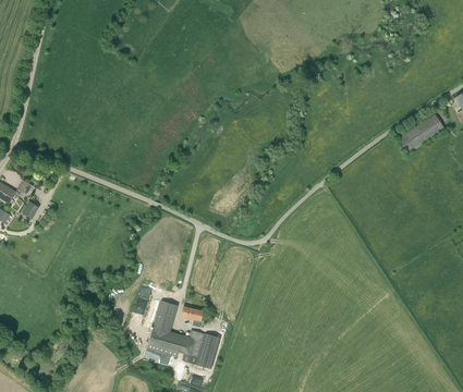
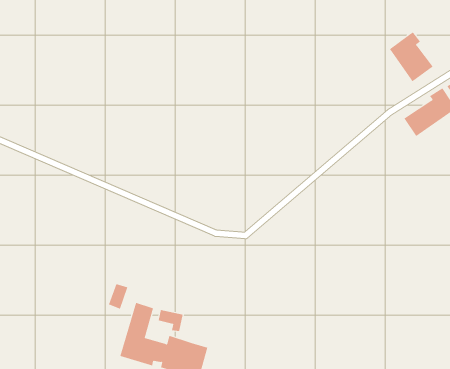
building: none -> [389,32,434,82]

